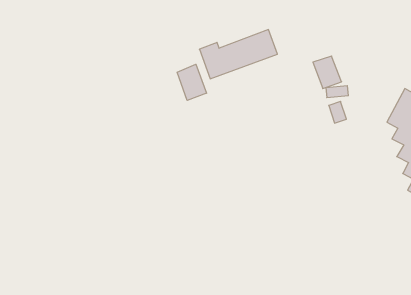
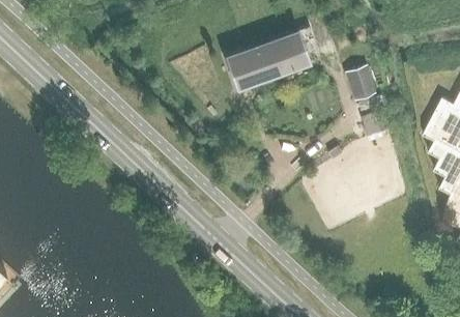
building: [177,64,207,100] -> none

